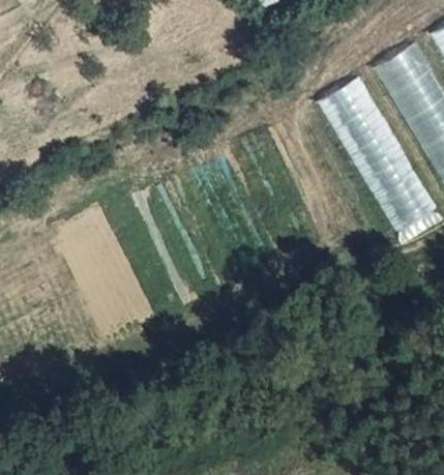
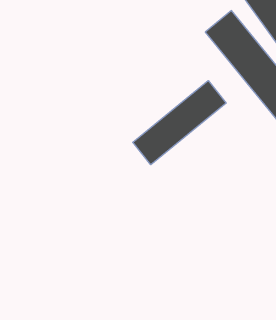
building: none -> [133,81,226,165]

